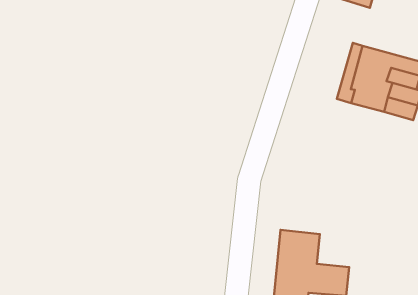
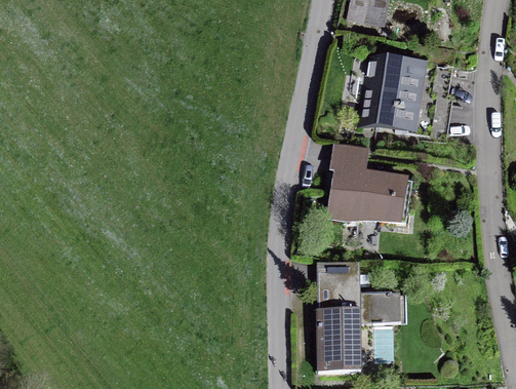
building: none -> [329,146,411,224]

